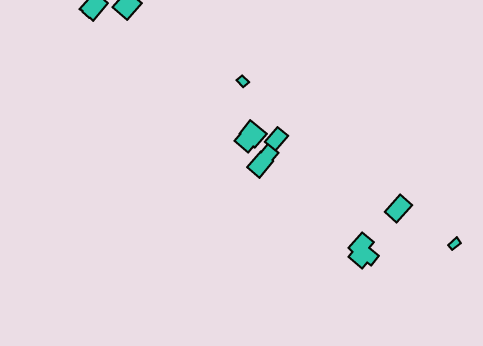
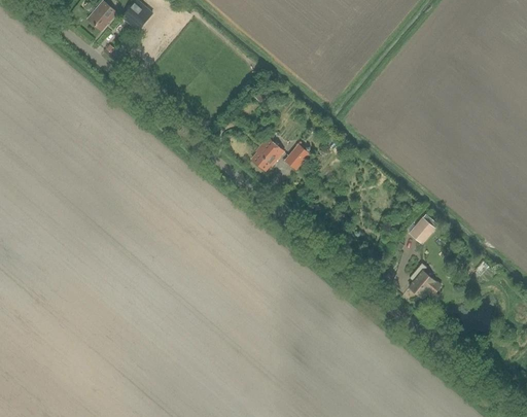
building: [247,144,278,178] -> none
building: [349,232,379,268] -> [409,262,441,300]

